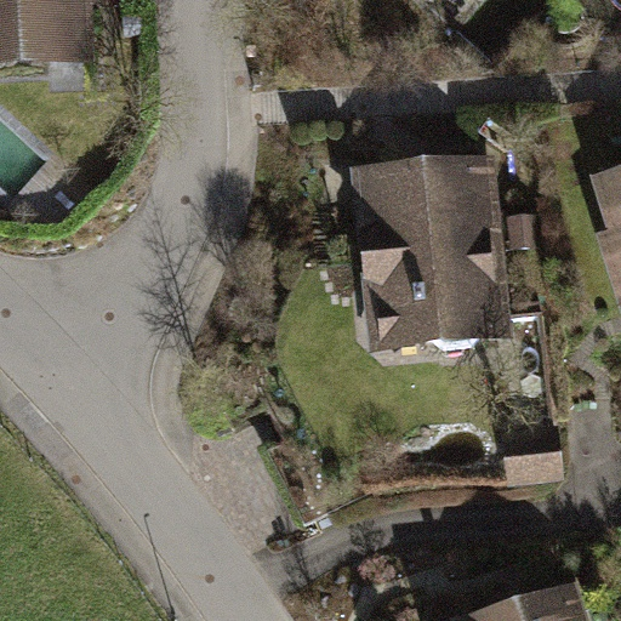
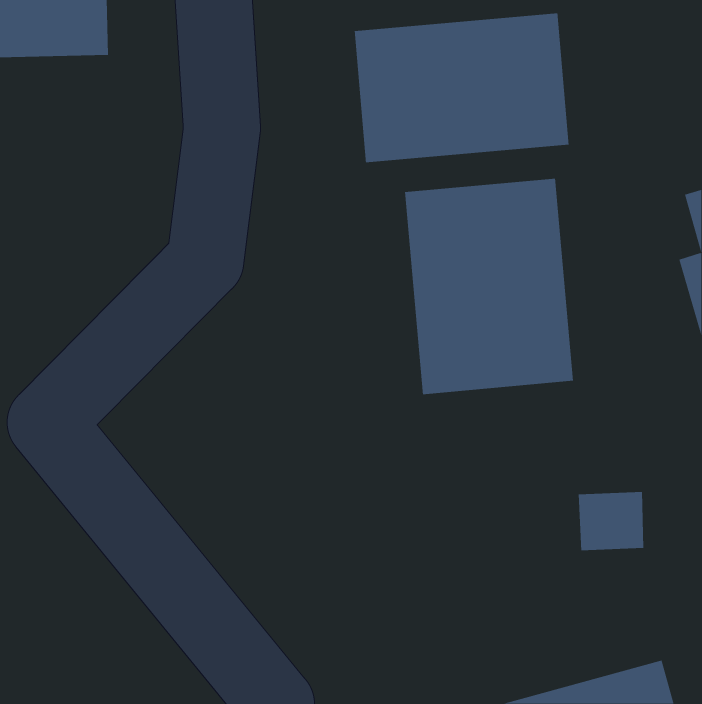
building: none -> [354,12,569,163]

